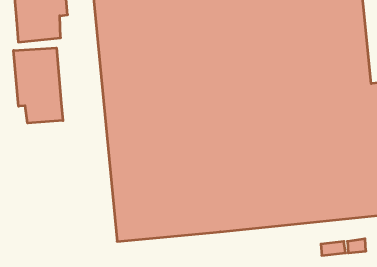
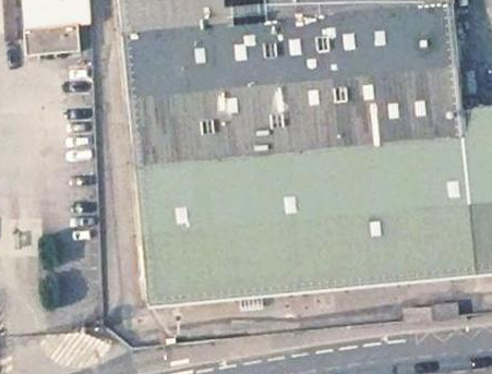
building: [14,48,63,123] -> none

